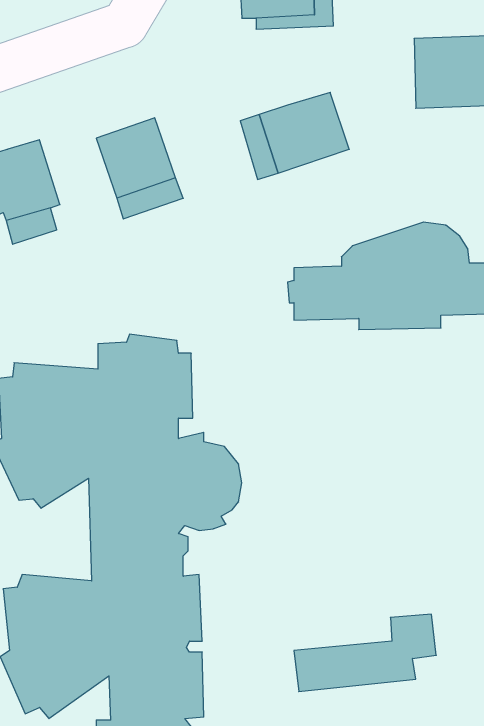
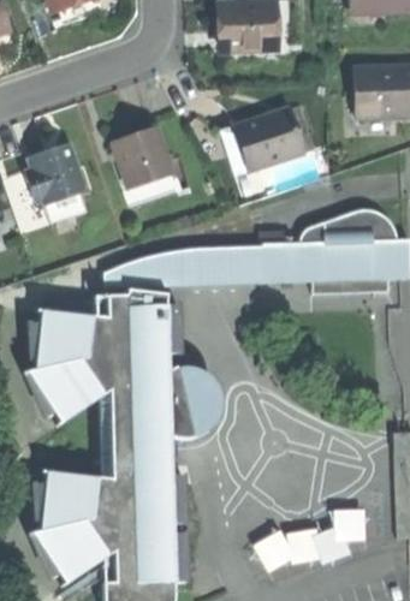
building: none -> [105,240,261,281]

